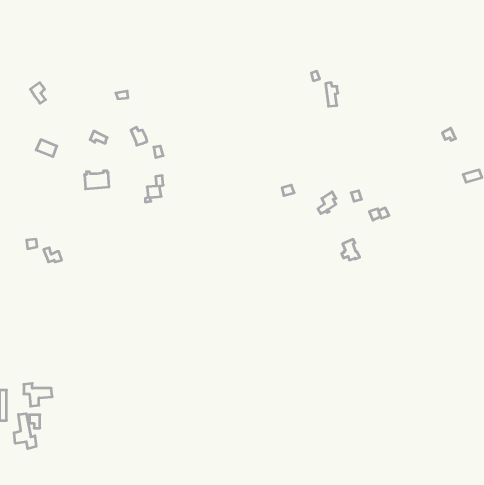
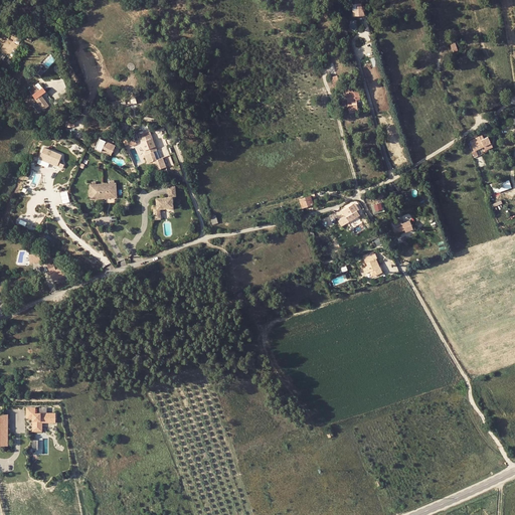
building: [14,414,36,449] -> none

